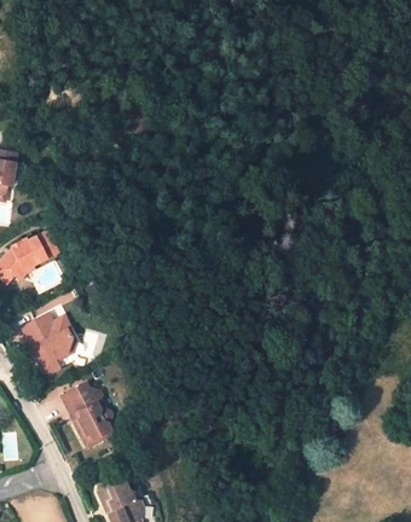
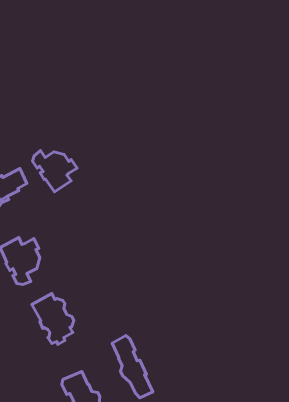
building: none -> [33,151,77,192]
building: none -> [112,336,153,398]

